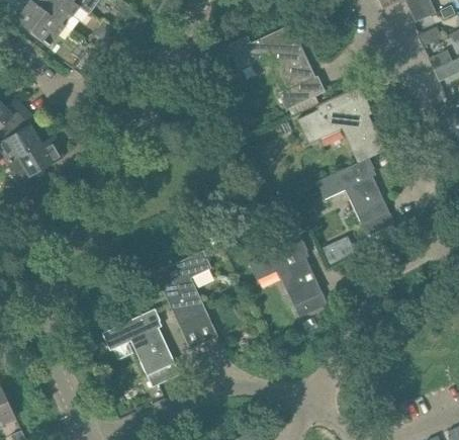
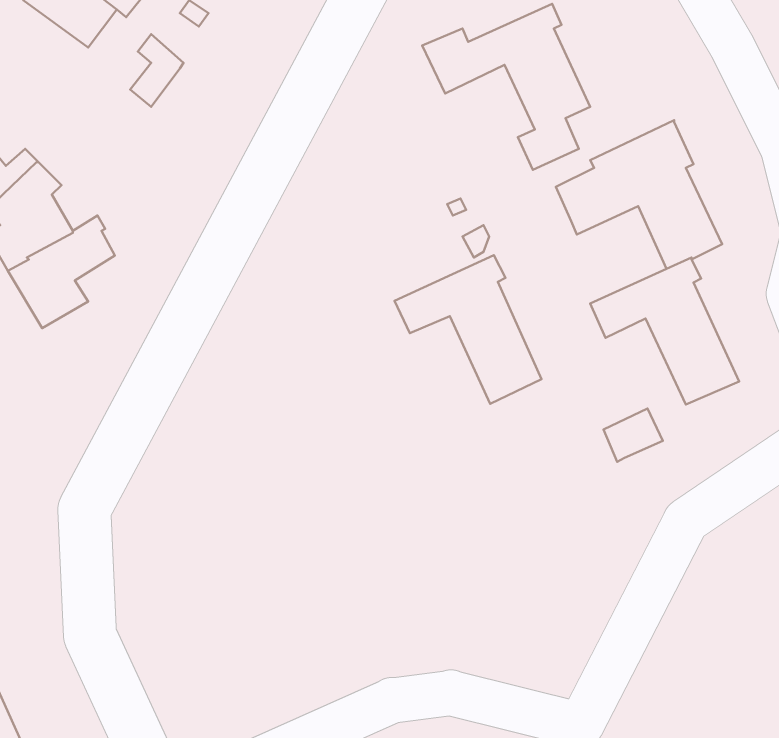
building: [249,238,327,317] -> [395,255,542,404]
building: [151,250,217,349] -> none
building: [102,307,180,405] -> none

